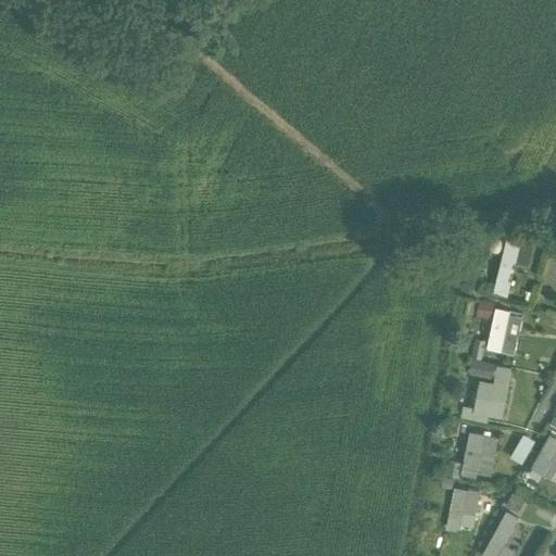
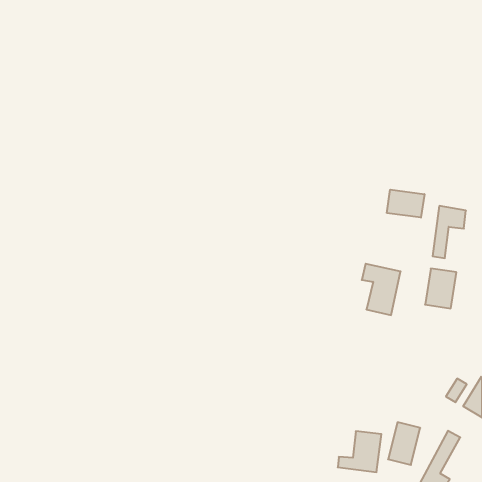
building: none -> [387,190,424,218]
building: [468,361,513,419] -> [362,264,401,315]
building: [447,432,497,479] -> [338,431,381,472]

